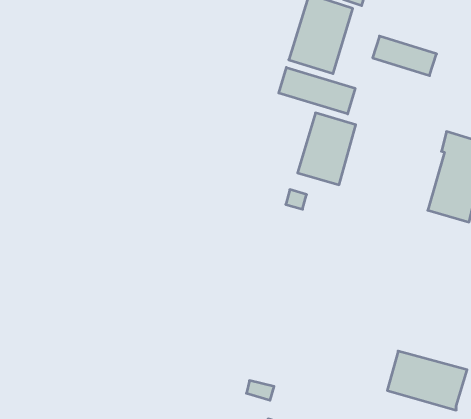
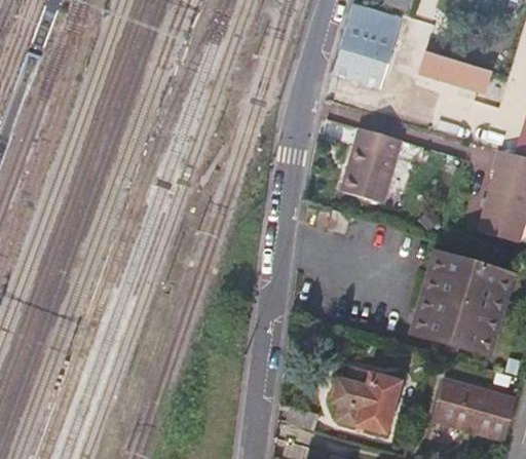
building: [279,67,355,114] -> none
building: none -> [413,252,508,351]
building: none -> [331,371,396,433]

